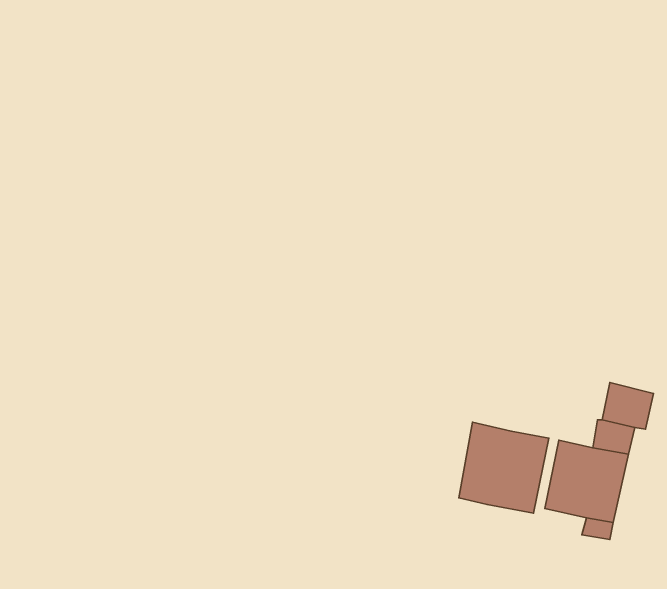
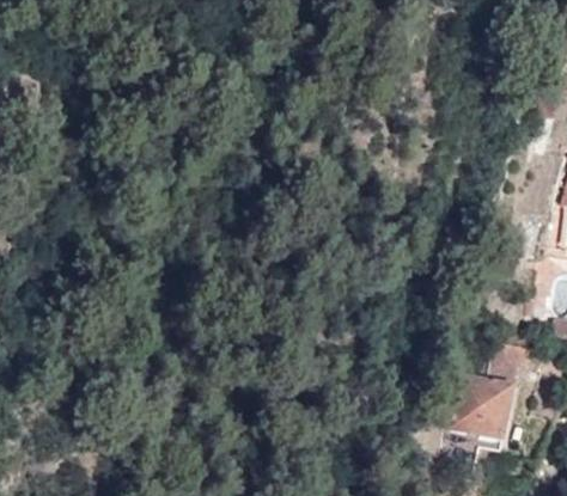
building: [459,422,549,513] -> none

